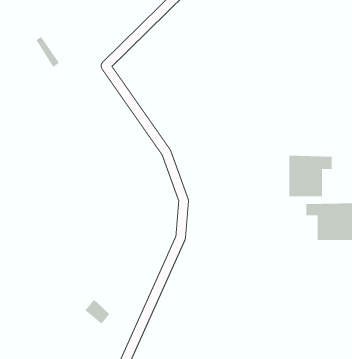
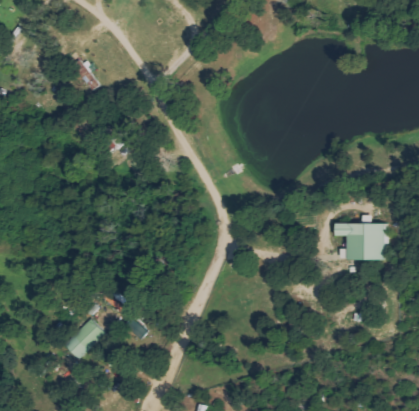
building: [289,155,332,197] -> none
building: none -> [63,318,103,358]

